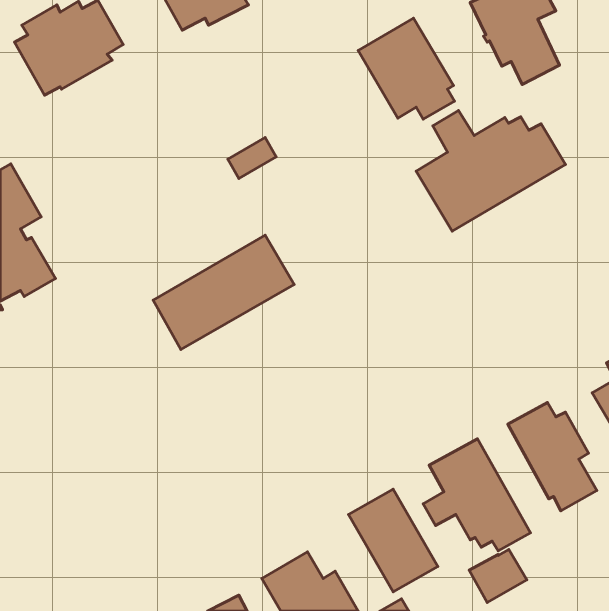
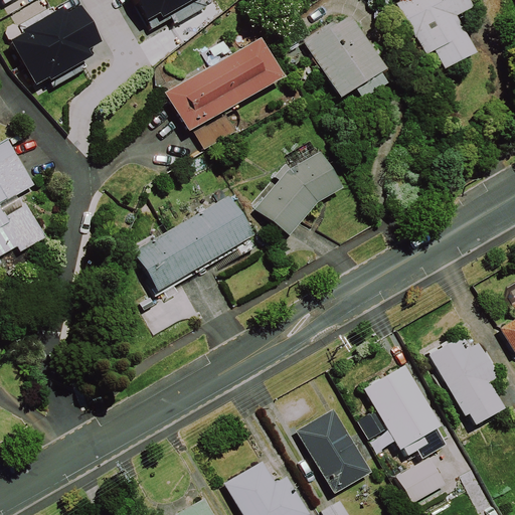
building: none -> [172,38,283,128]
building: [416,110,566,231] -> none
building: none -> [255,152,342,236]

